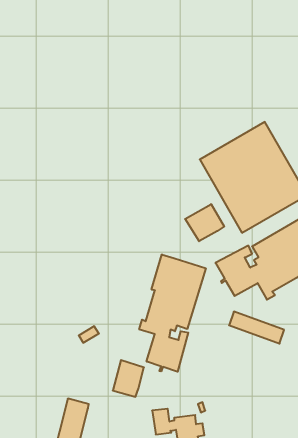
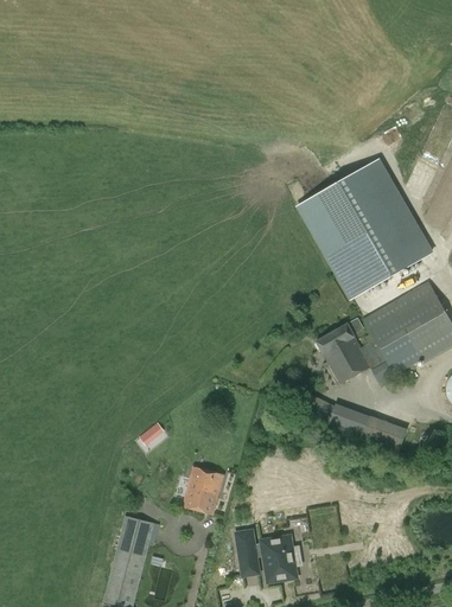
building: [185,204,224,241] -> none
building: [139,254,206,372] -> none

